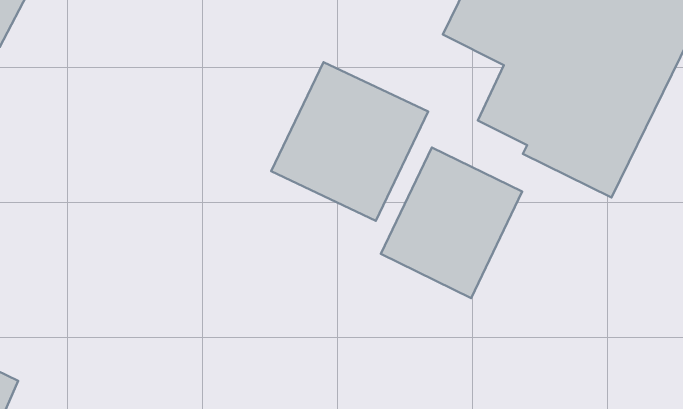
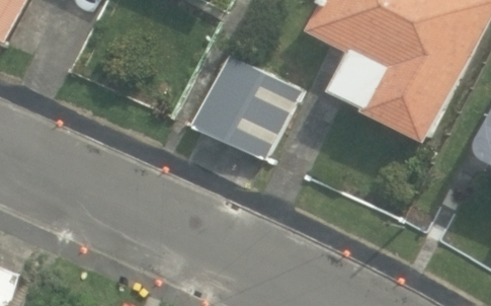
building: [381,147,522,298] -> none

